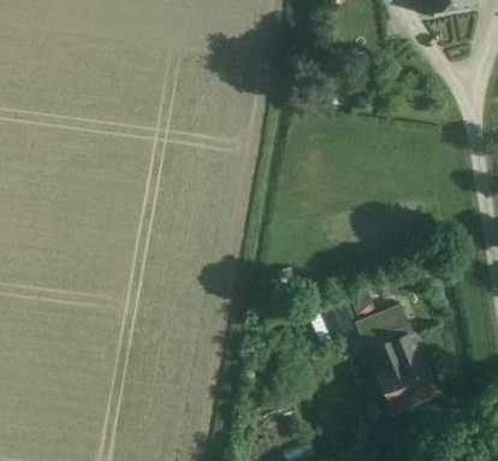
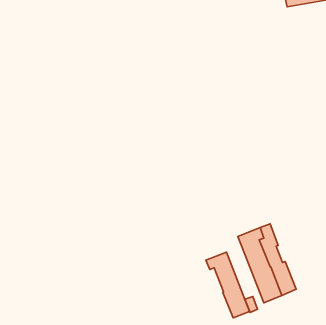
building: none -> [206,252,250,318]

